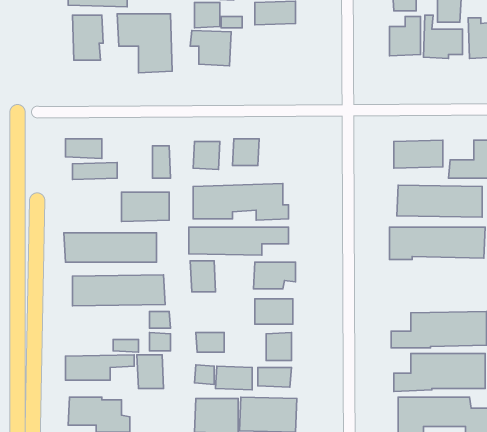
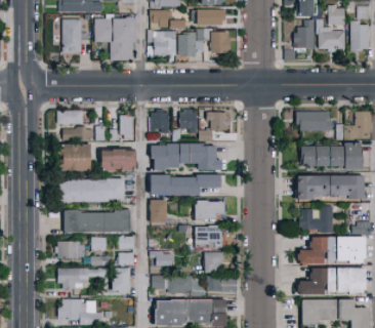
building: none -> [180,32,231,56]
building: none -> [199,111,230,141]
building: none -> [58,142,89,169]
building: none -> [298,205,335,231]
building: none -> [57,241,86,257]

